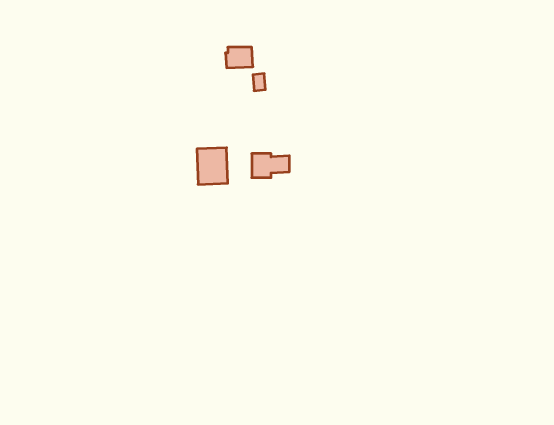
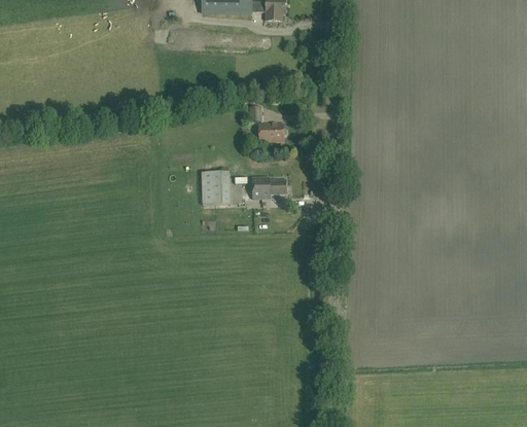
building: [225,47,253,68] -> [258,123,283,142]

